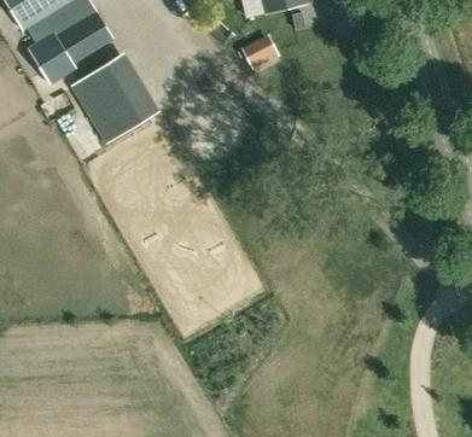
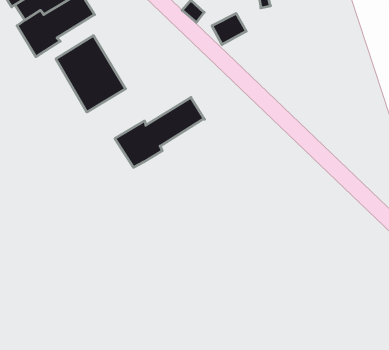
building: none -> [115,97,205,167]

